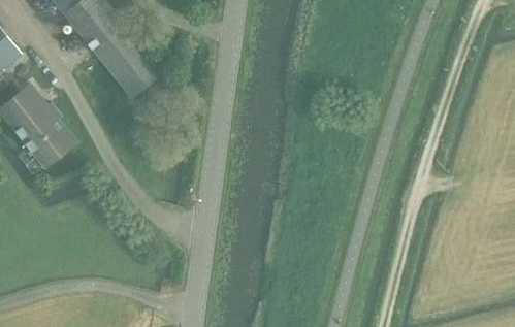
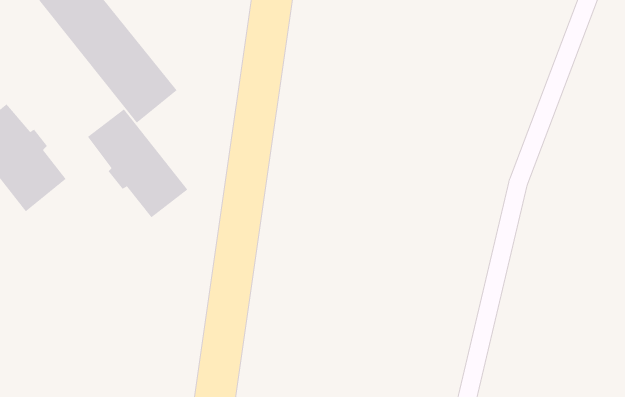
building: none -> [87,108,188,218]

